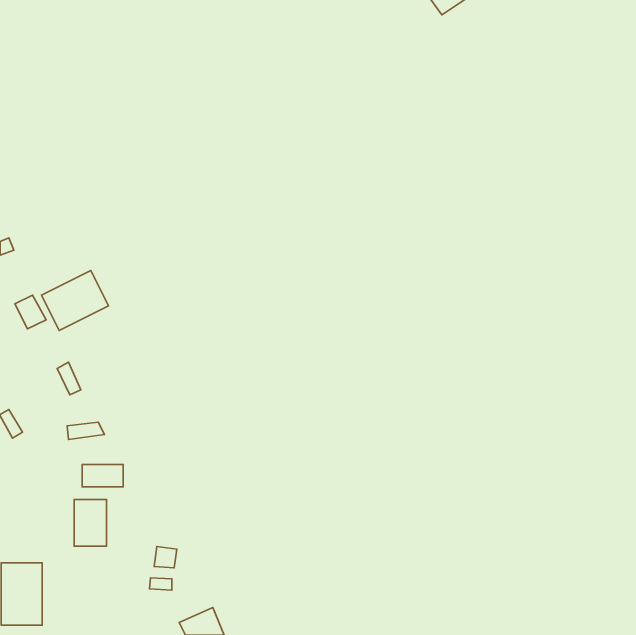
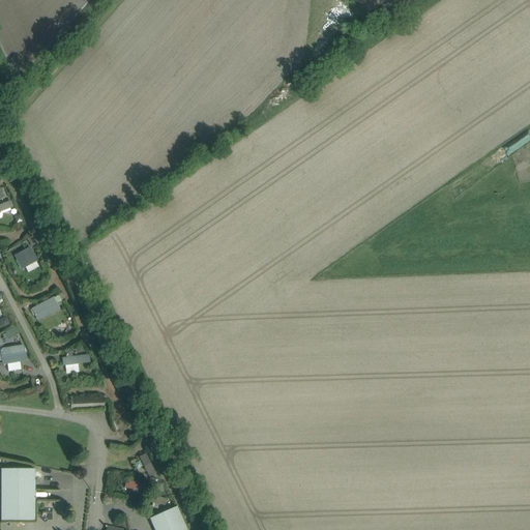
building: [42,271,109,330] -> none
building: [74,500,107,546] -> none

